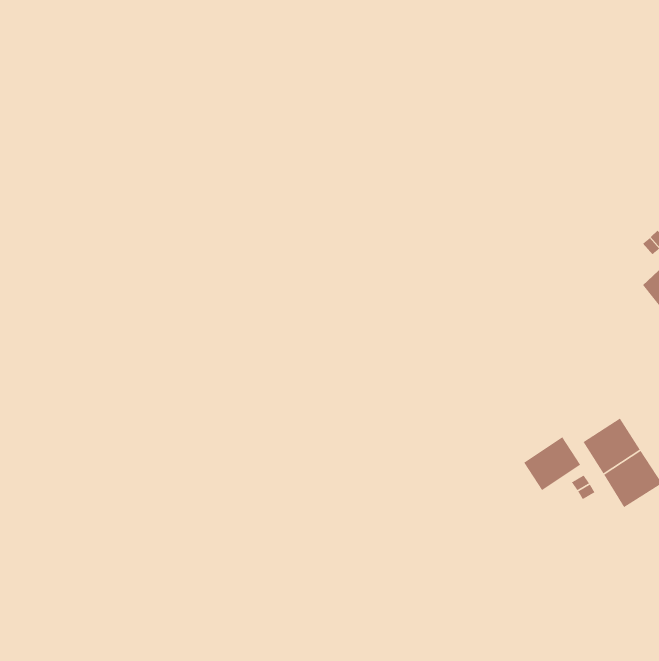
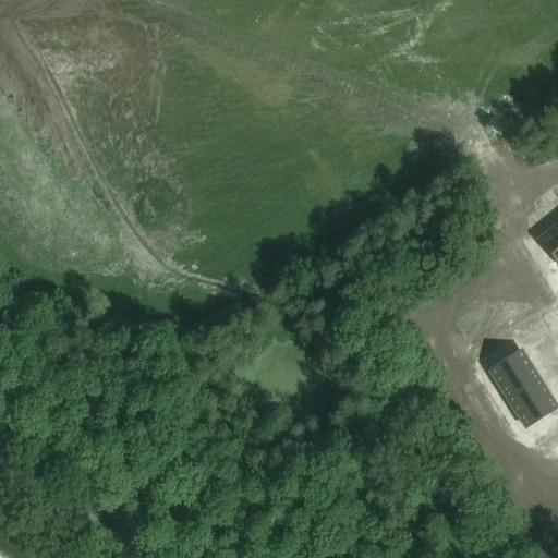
building: [523,436,581,491] -> none

